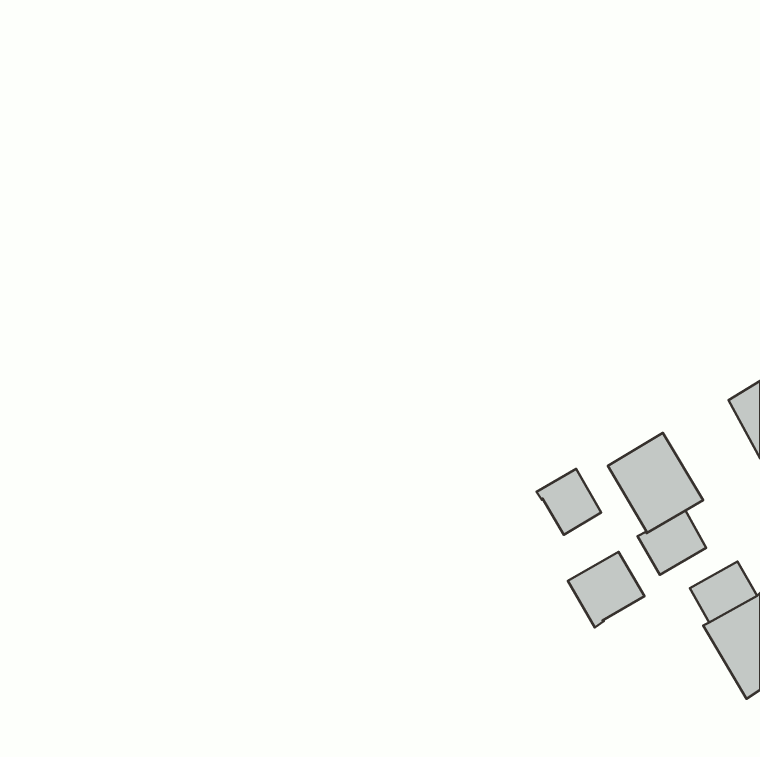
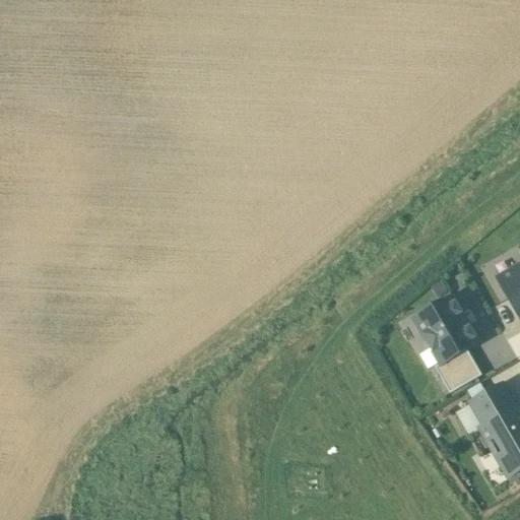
building: [537,469,601,535] -> none
building: [568,552,644,627] -> none

